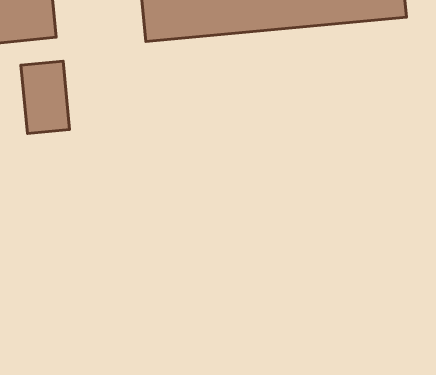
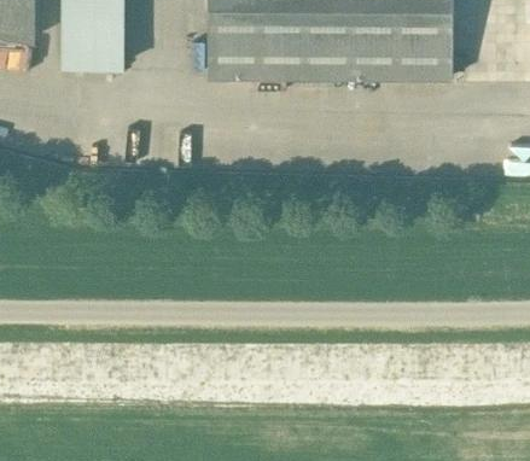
building: [21,61,70,133] -> none

